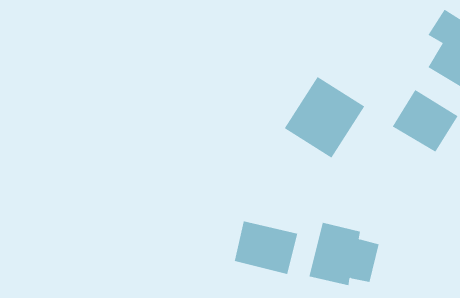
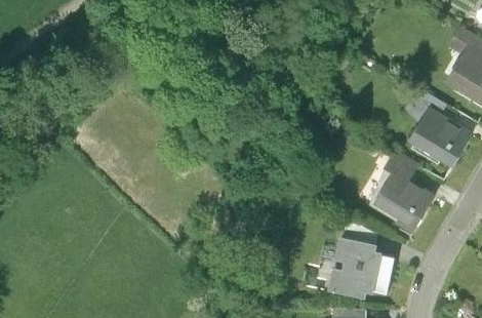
building: [284,76,365,159] -> [363,153,443,234]
building: [234,220,298,275] -> none

